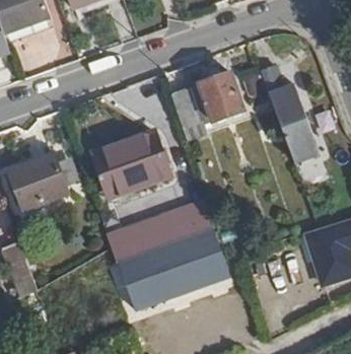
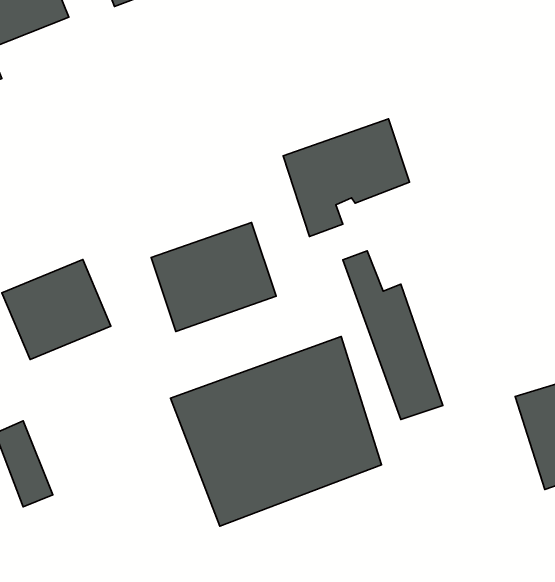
building: [261,65,319,162] -> [343,251,443,420]

